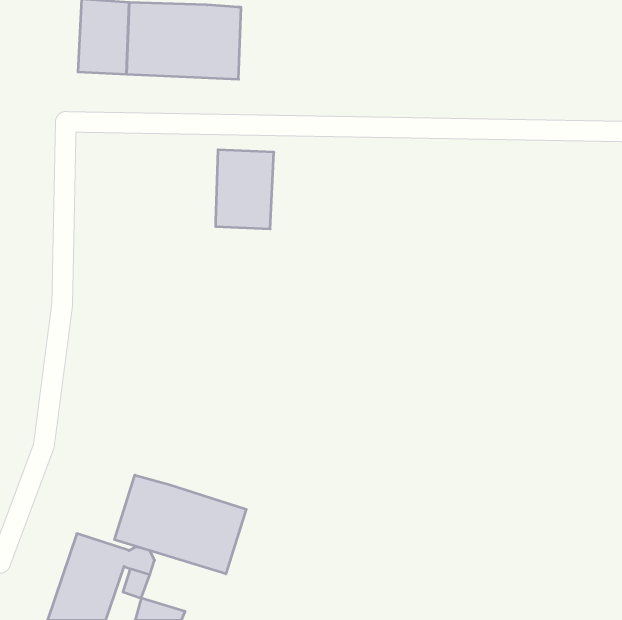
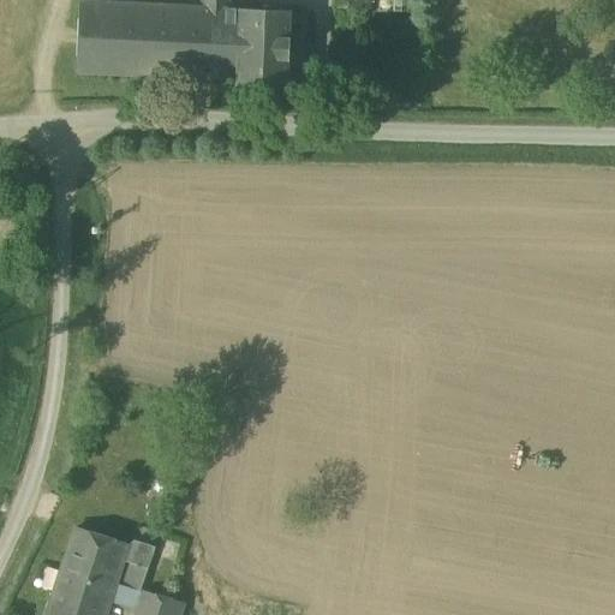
building: [216,150,274,229] -> [235,7,293,85]
building: [115,475,246,574] -> none

